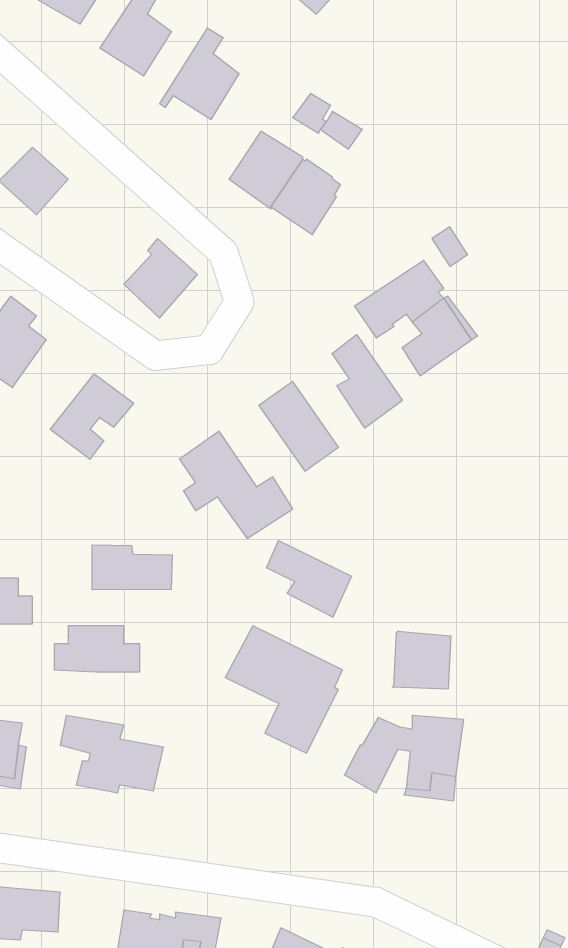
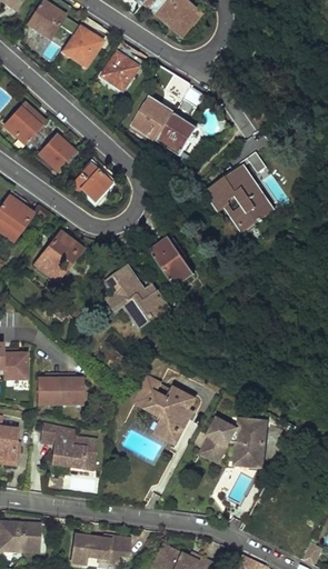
building: none -> [40,137,77,173]
building: [332,335,402,428] -> none
building: [267,540,352,617] -> none
building: [92,545,172,590] -> none
building: [392,631,451,689] -> none

